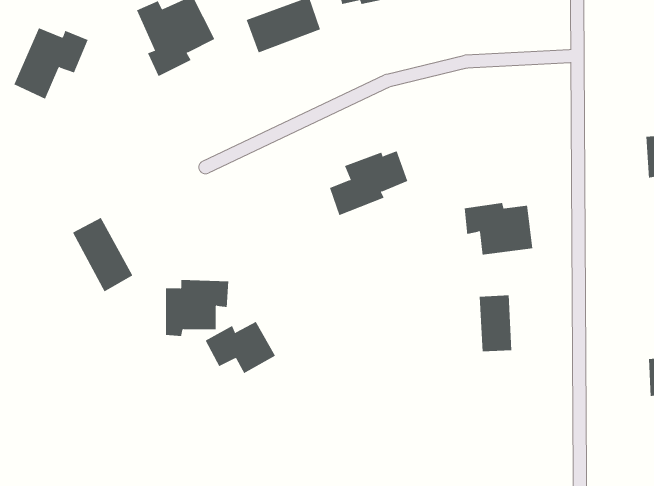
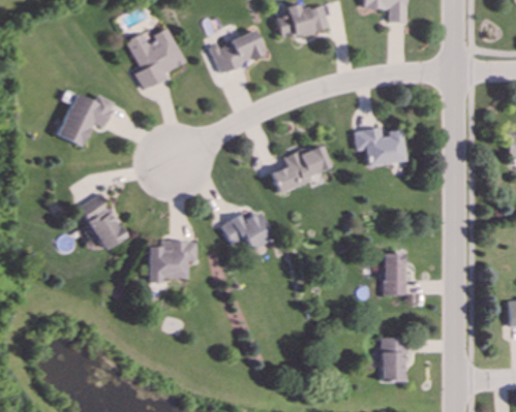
building: [14,27,88,100] -> [59,93,115,147]
building: [464,203,533,255] -> [354,127,405,166]
building: [205,321,276,374] -> [221,211,274,250]
building: none -> [381,338,407,380]

